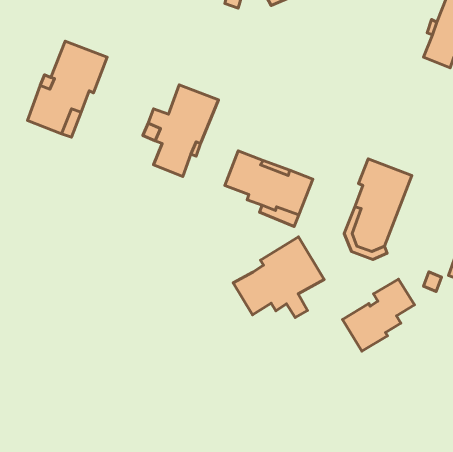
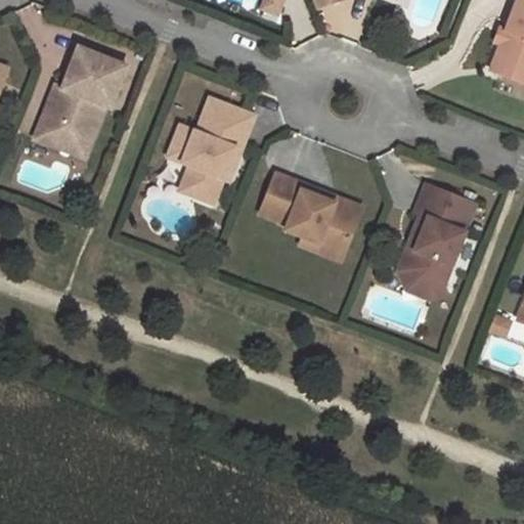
building: [233,237,324,318] -> none
building: [343,279,414,351] -> none

